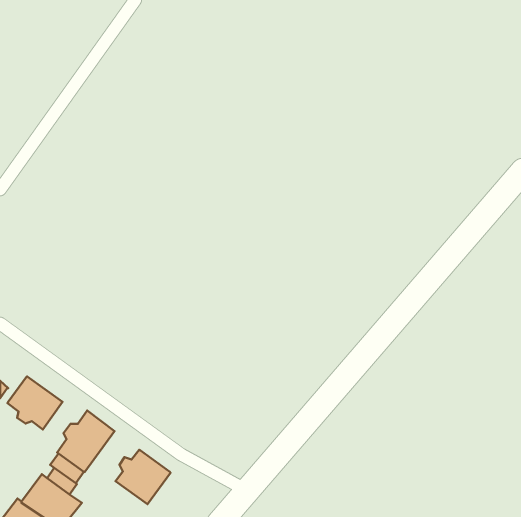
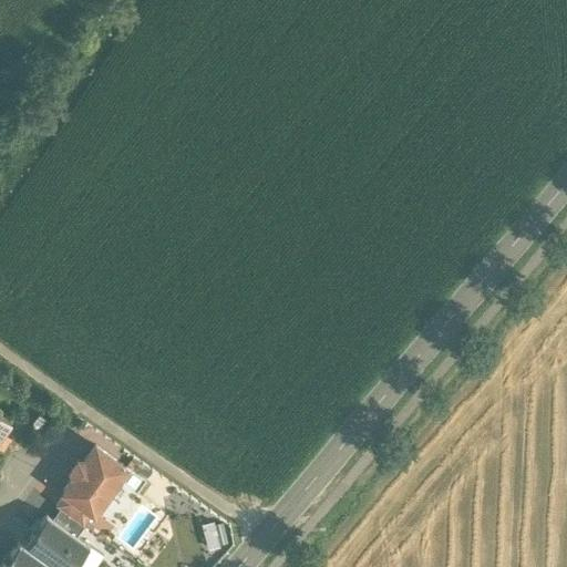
building: [7,376,62,429] -> none
building: [115,450,170,504] -> none

